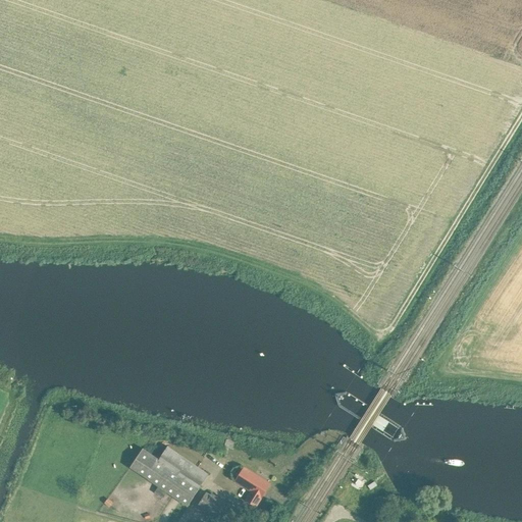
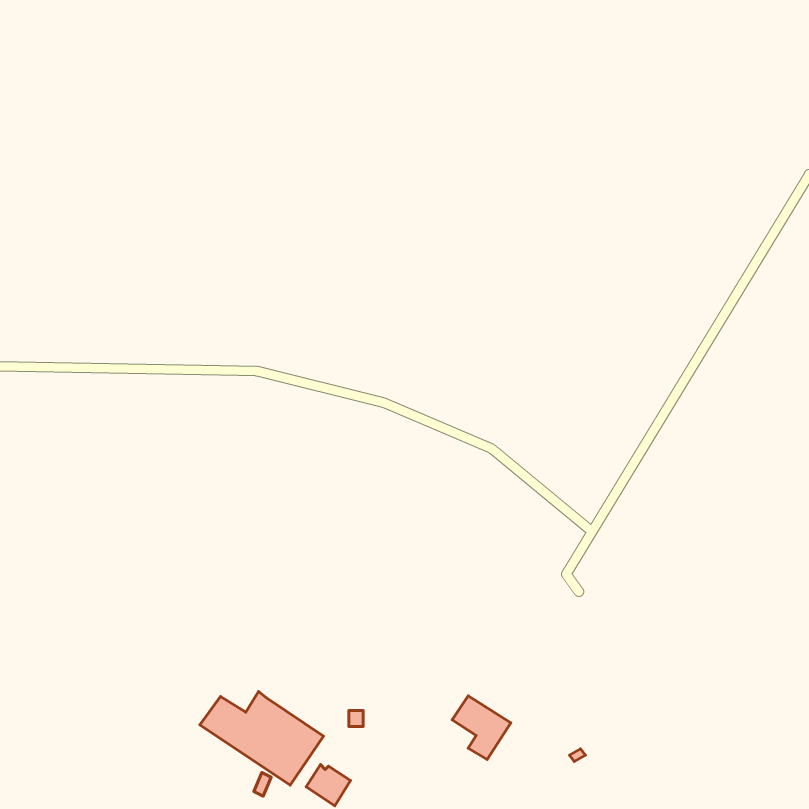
building: [234,465,272,506] -> [452,696,511,759]

